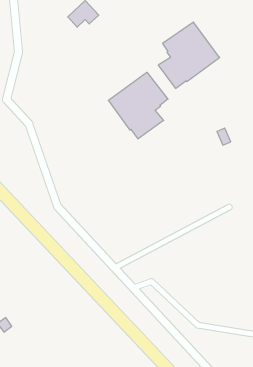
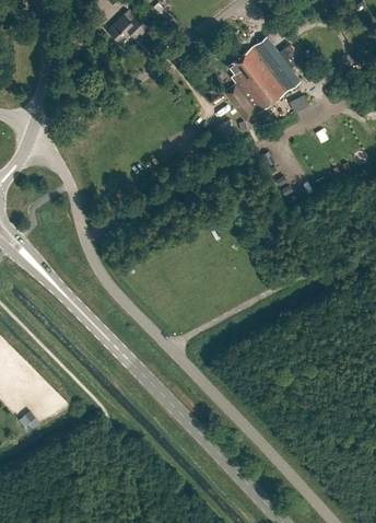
building: [108,72,168,139] -> none

